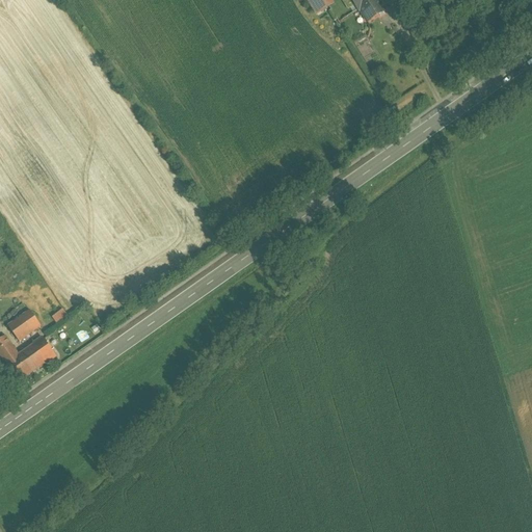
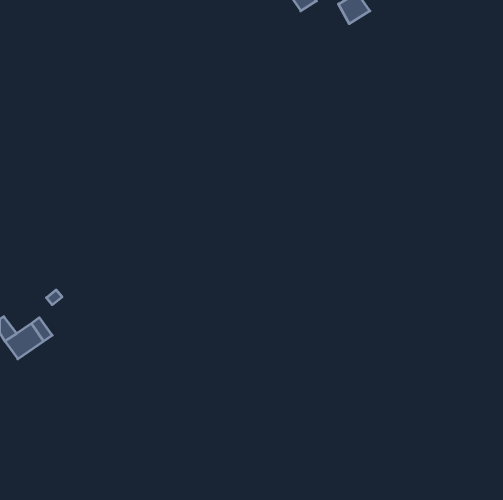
building: [7,308,41,338] -> none

